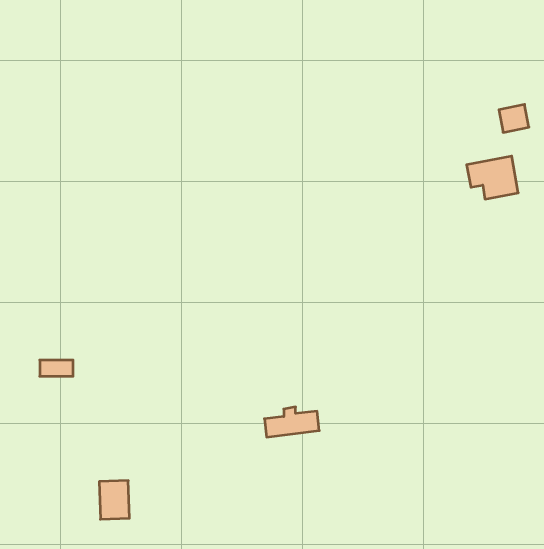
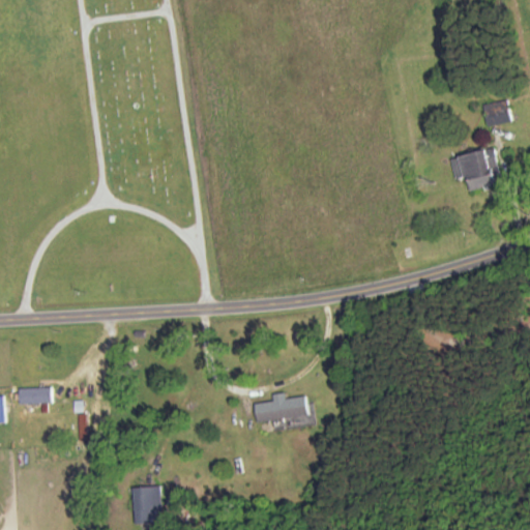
building: [40,360,73,376] -> [18,388,50,404]
building: [99,481,129,519] -> [132,487,161,524]

